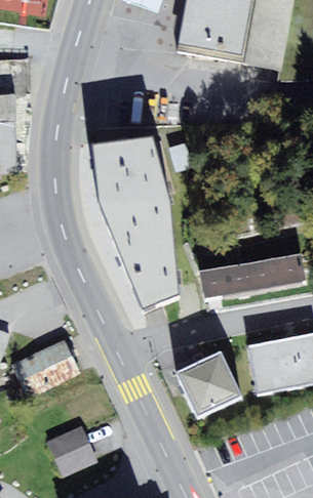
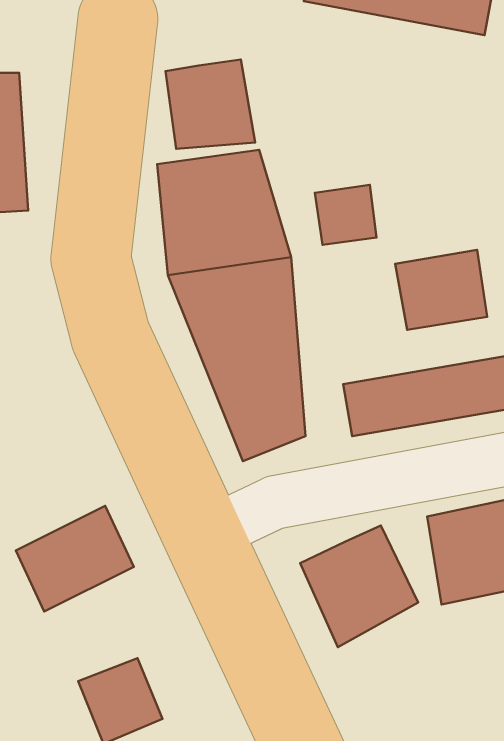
building: none -> [165,59,255,149]
building: none -> [315,185,376,245]
building: none -> [395,250,487,330]

